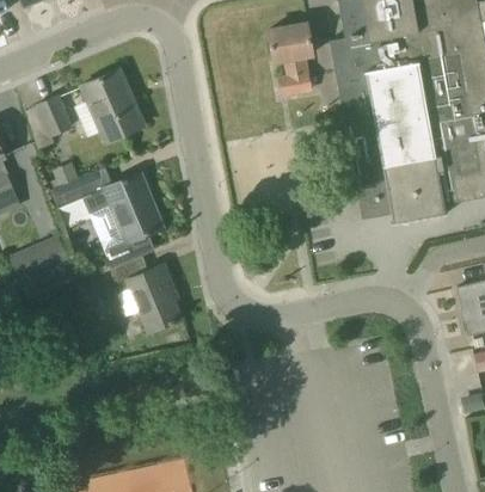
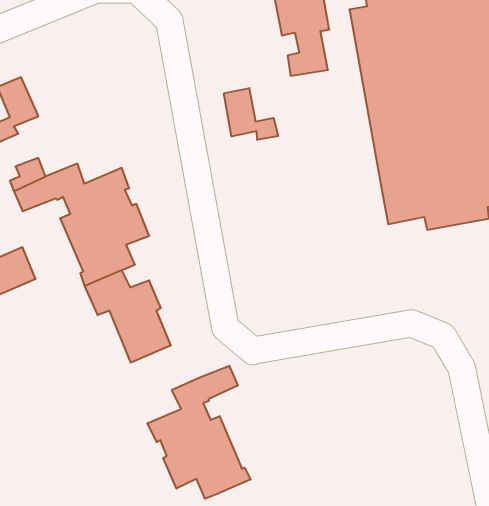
building: [81,68,143,142] -> none
building: none -> [224,88,278,140]
building: none -> [147,366,251,499]

